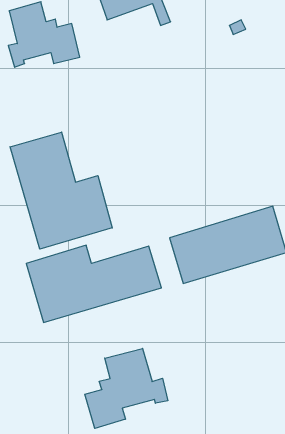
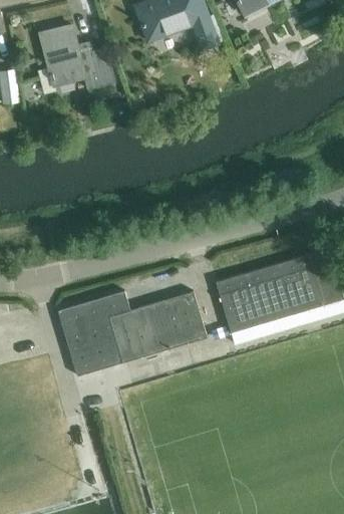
building: [10,132,112,249] -> none
building: [85,348,168,428] -> none

